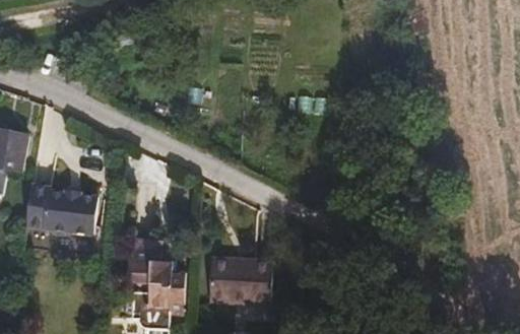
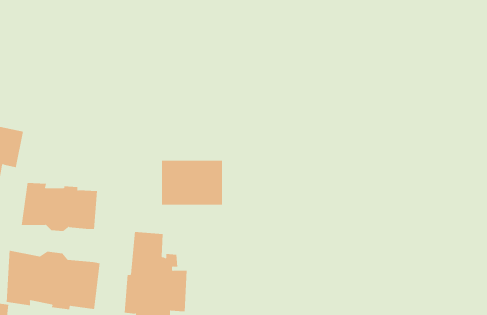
building: none -> [6,250,100,310]
building: [211,260,271,304] -> [161,160,223,205]

